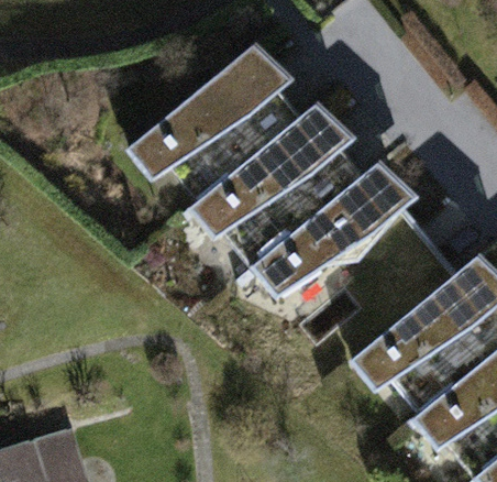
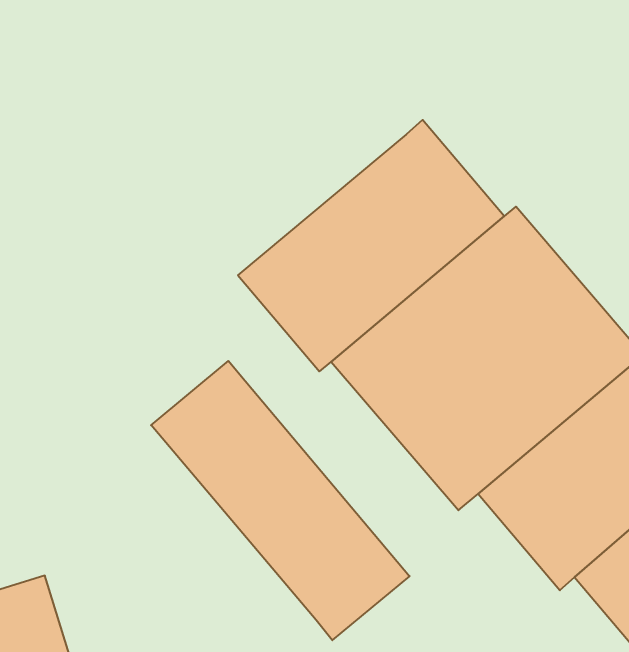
building: [131,55,310,224] -> none
building: none -> [151,361,410,640]

